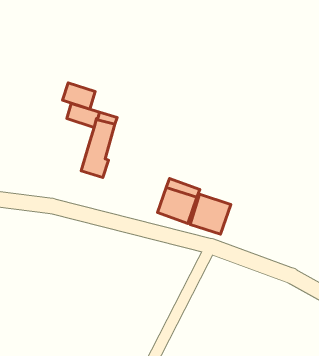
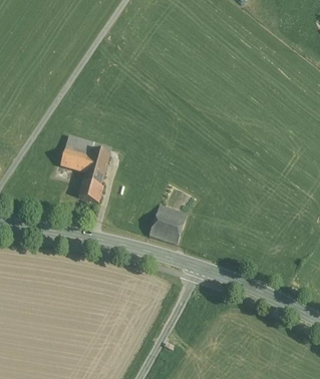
building: [63,83,95,109] -> [61,148,91,172]
building: [190,194,231,234] -> none

